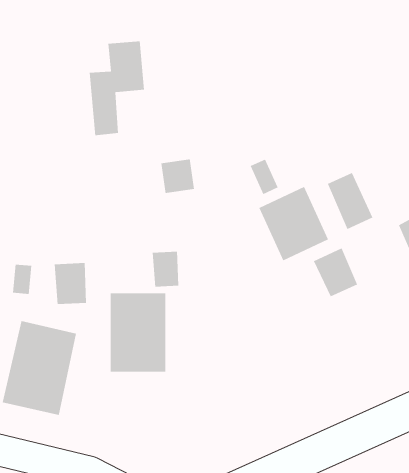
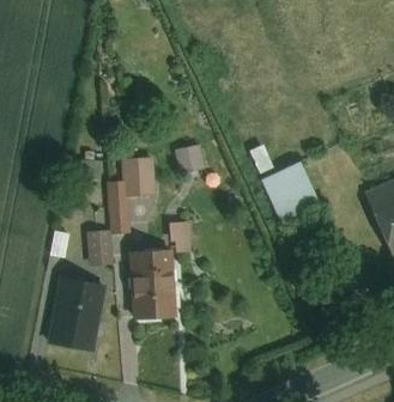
building: [89,41,145,136] -> [113,158,159,237]
building: [327,172,373,230] -> none
building: [313,247,358,297] -> none

